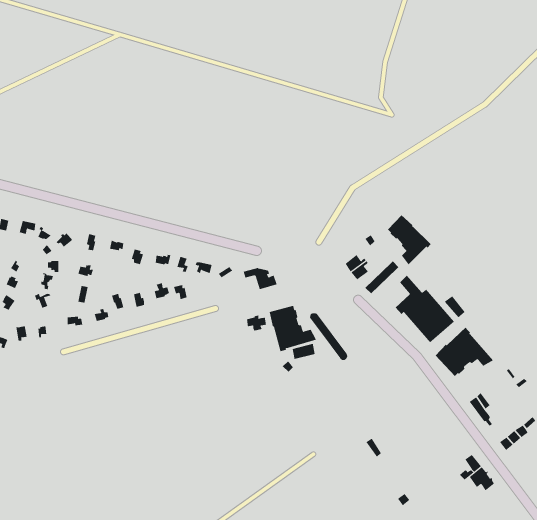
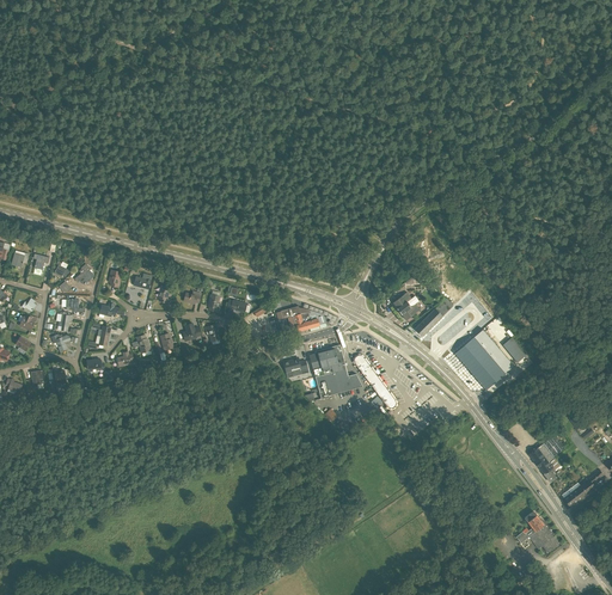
building: [387,214,432,265] -> none
building: [435,327,494,377] -> none

